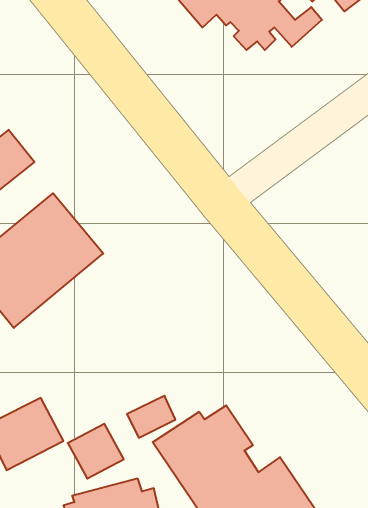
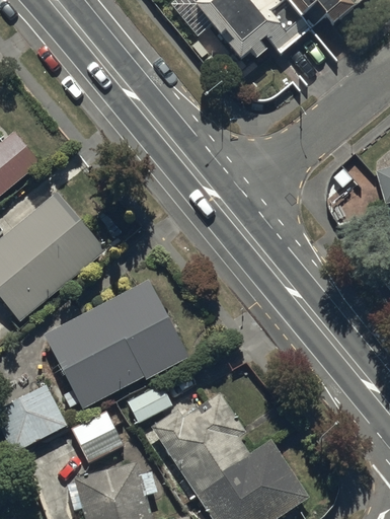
building: none -> [43,280,189,411]

